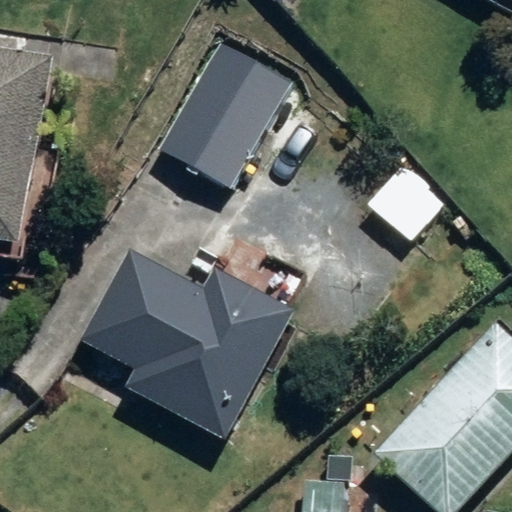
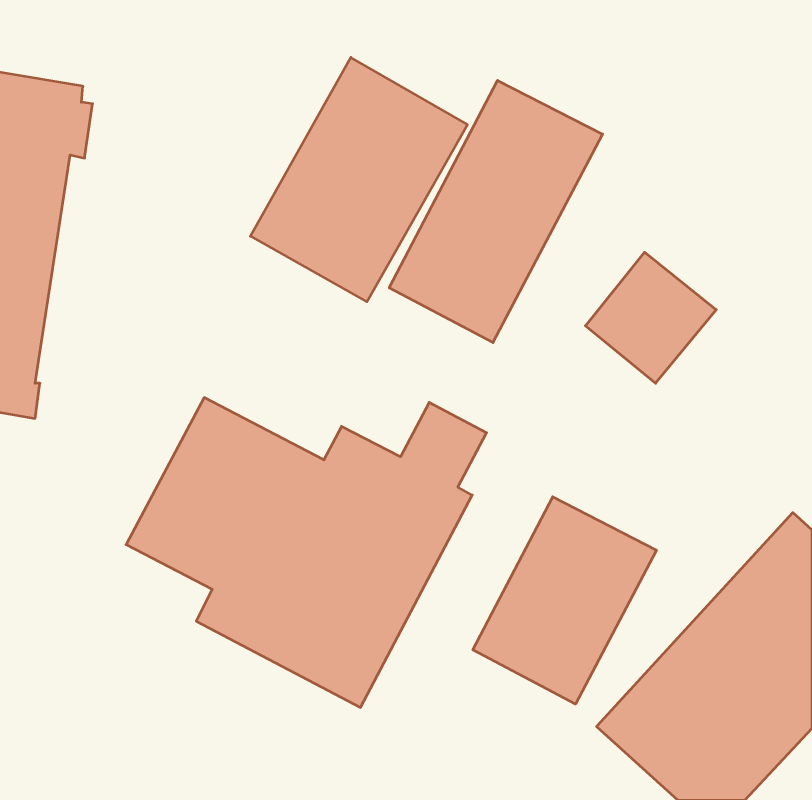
building: none -> [389,80,603,343]
building: none -> [473,497,656,704]

